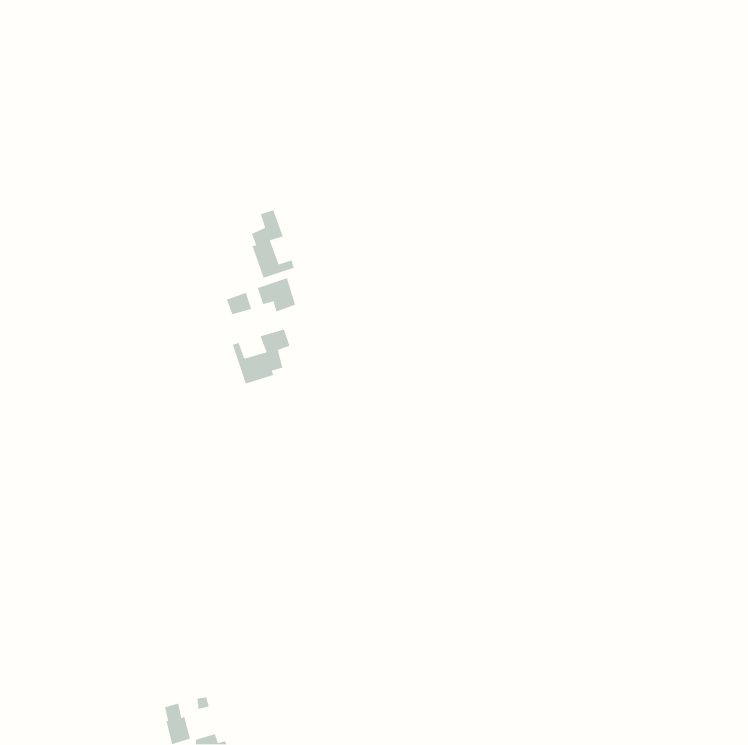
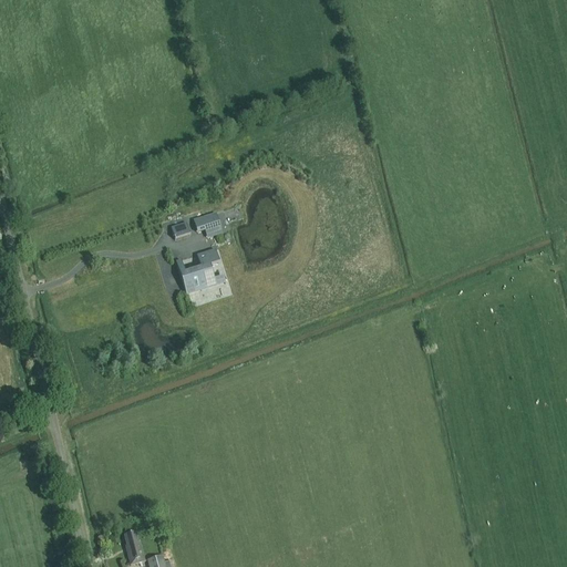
building: [251,209,295,280] -> none

